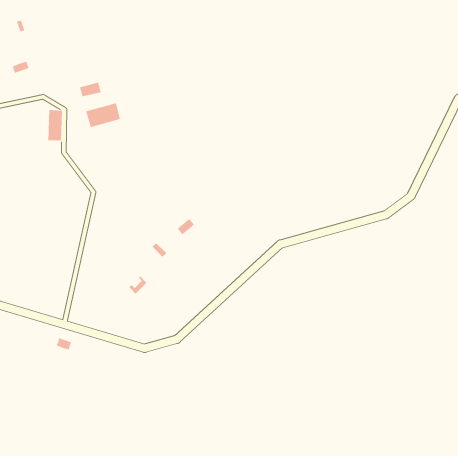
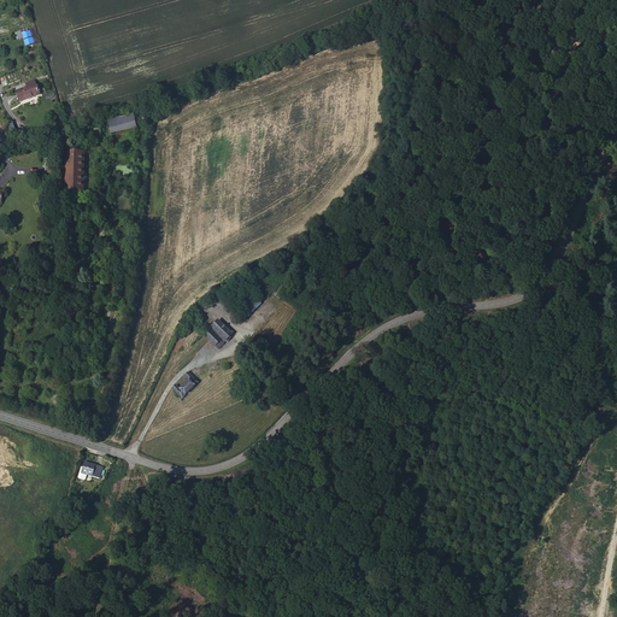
building: [86,103,121,128] -> none

